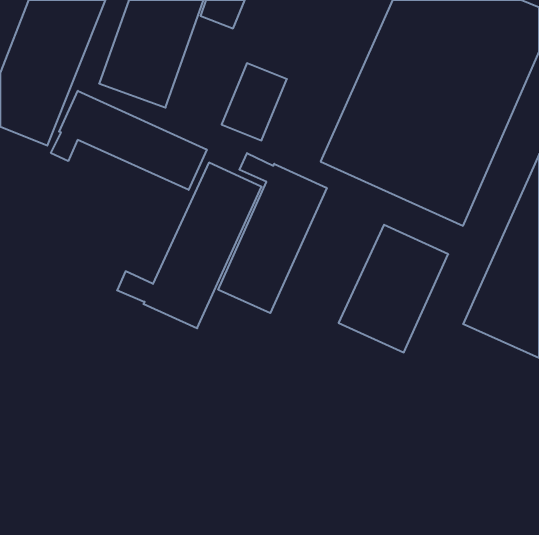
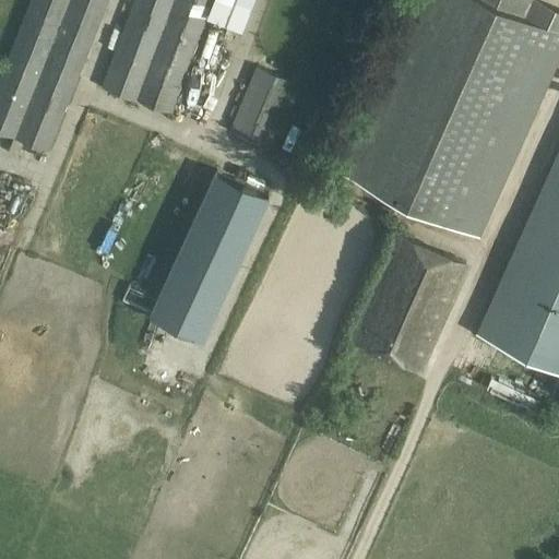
building: [51,91,207,190] -> none
building: [218,153,327,313] -> none

